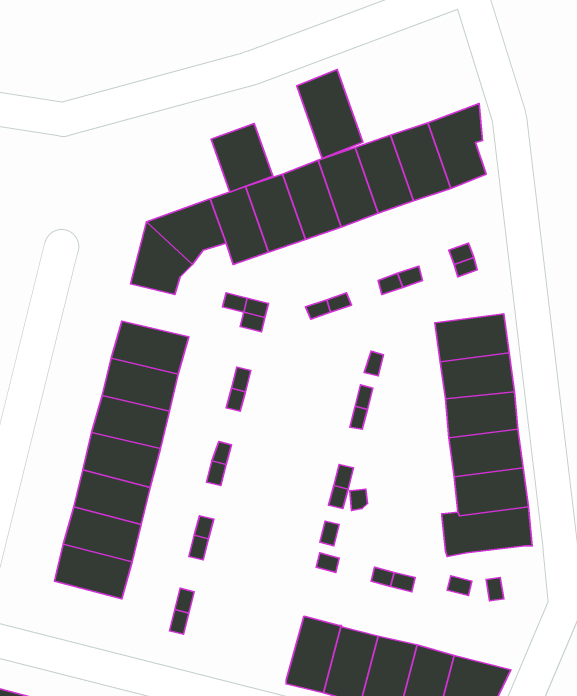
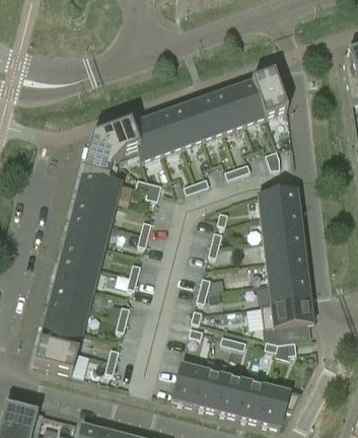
building: [297,69,363,159] -> none
building: [211,123,273,192] -> none
building: none -> [78,170,122,201]
building: none -> [33,341,78,372]

